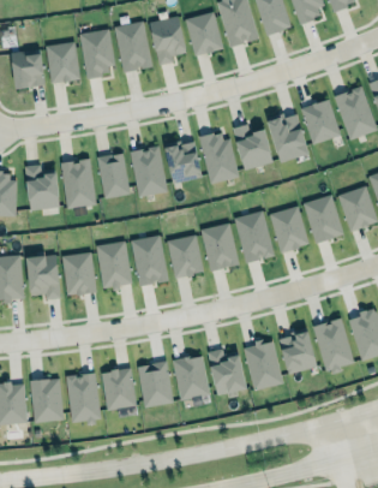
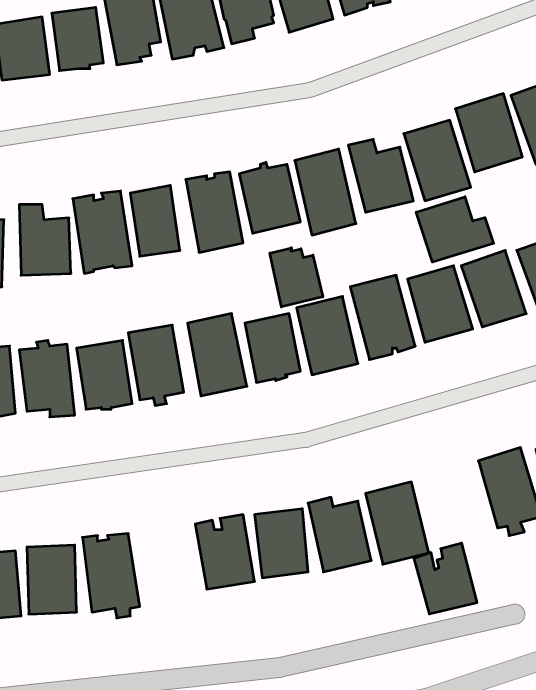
building: none -> [416,197,494,262]
building: none -> [270,248,323,307]
building: [278,329,318,374] -> [414,543,477,614]
building: [102,368,137,410] -> none

